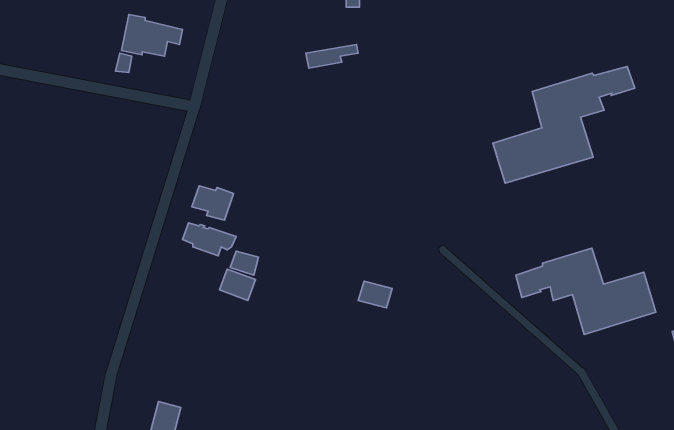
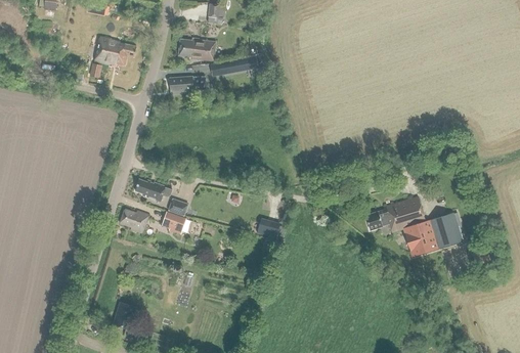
building: none -> [178,39,215,60]
building: [493,66,635,183] -> none
building: none -> [169,76,205,92]
building: [192,186,233,220] -> [119,209,147,232]

